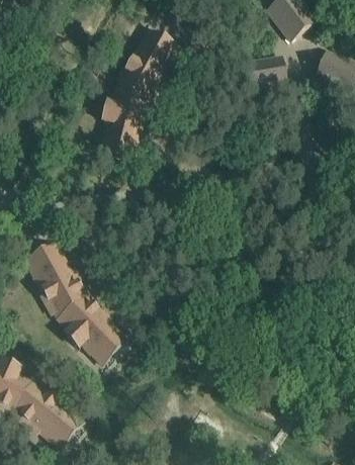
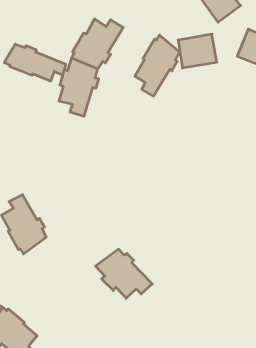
building: none -> [135,35,180,96]
building: none -> [4,44,66,81]
building: [57,297,124,356] -> [96,249,152,298]

